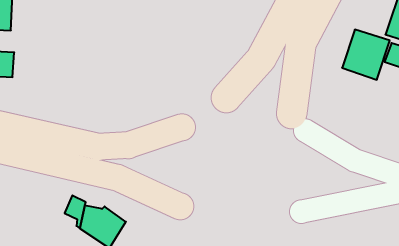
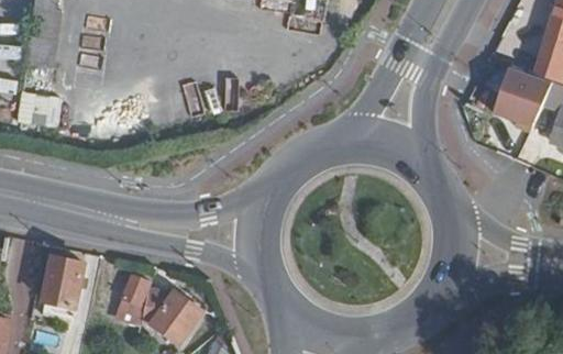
building: none -> [45,254,85,305]

